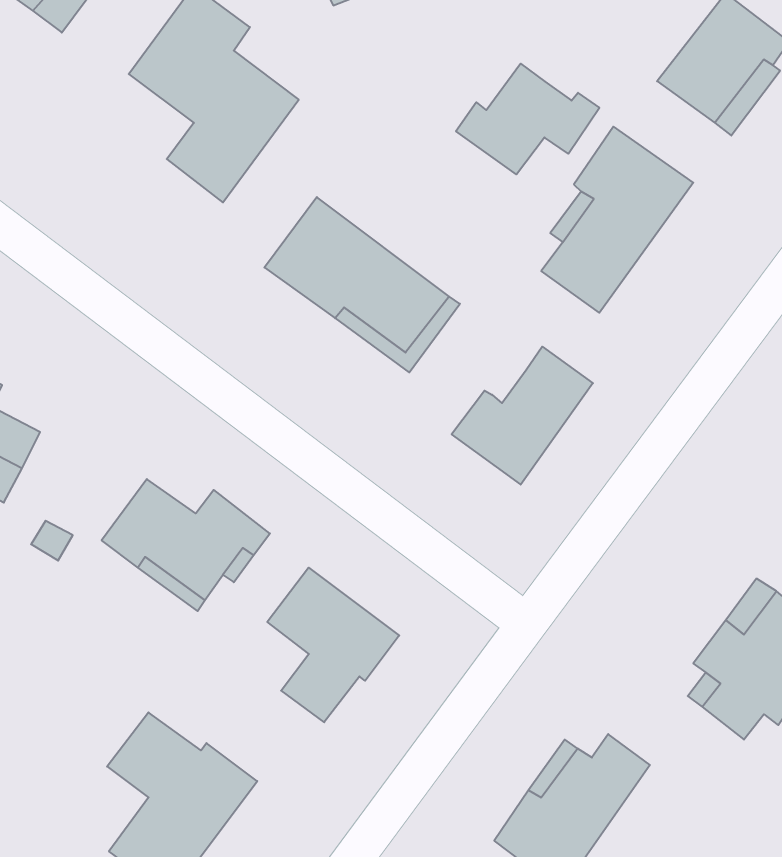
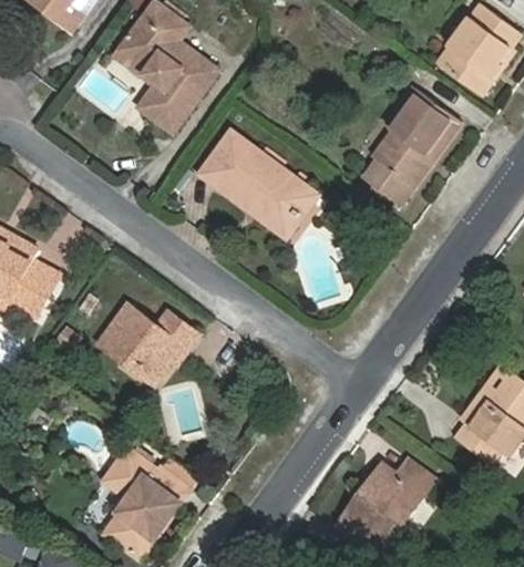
building: [456,64,599,174] -> none
building: [452,347,593,485] -> none
building: [267,568,399,722] -> none

